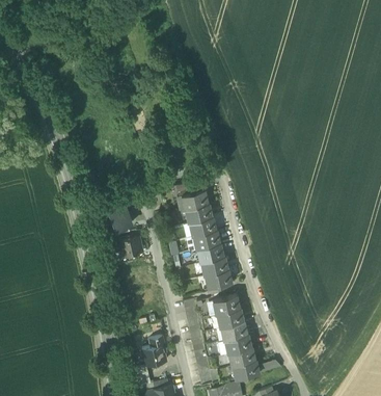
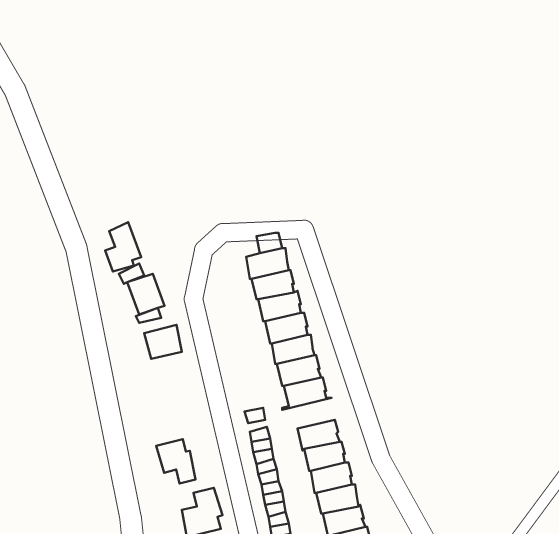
building: none -> [105,222,141,271]
building: none -> [156,439,196,483]

